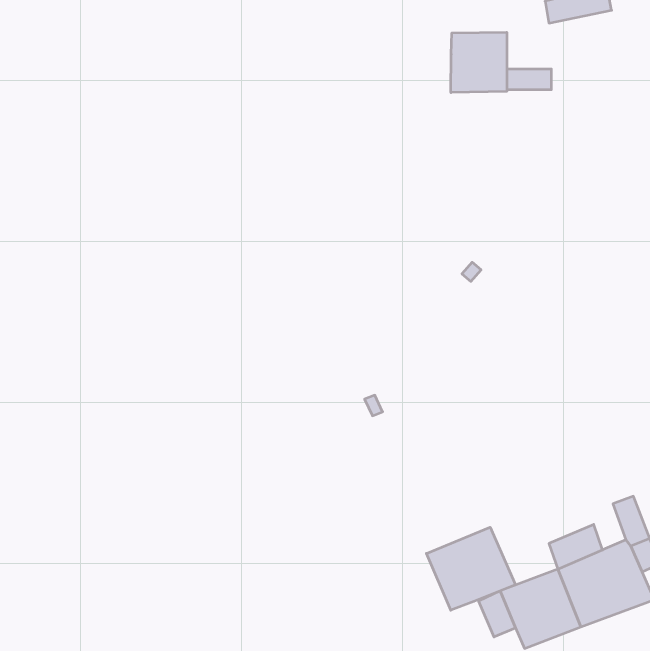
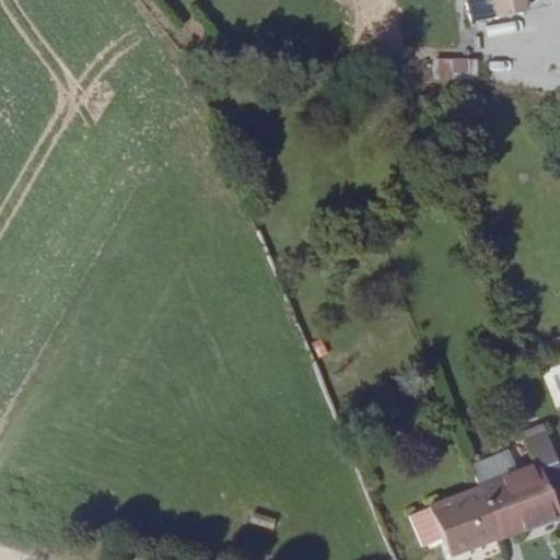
building: [451,32,507,93] -> none
building: [426,527,515,610] -> none

